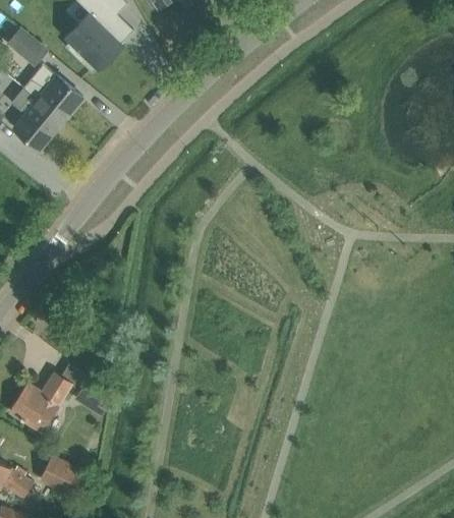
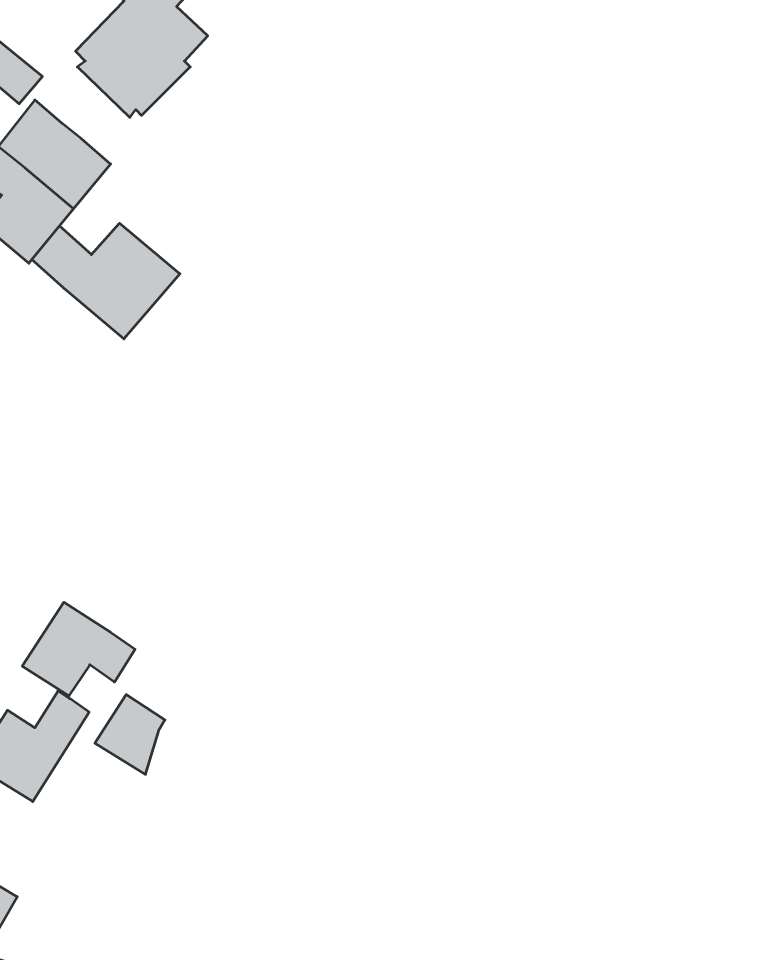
building: none -> [32,223,180,339]
building: none -> [22,602,135,696]
building: [42,456,86,495] -> none

